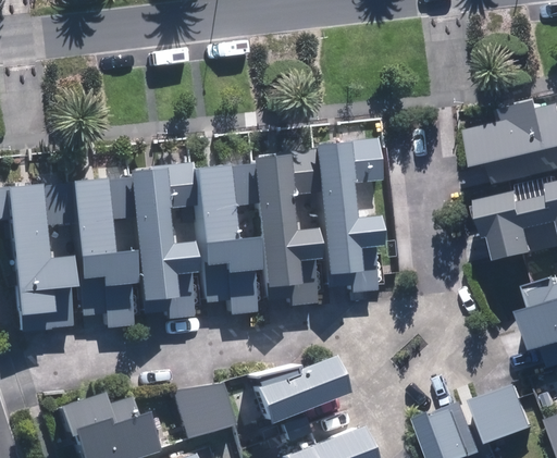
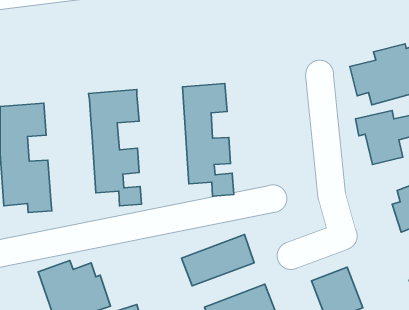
building: [309,139,386,290] -> none
building: [191,165,261,311] -> none
building: [67,176,138,326] -> none
building: [175,379,238,437] -> none
building: [480,381,542,445] -> none

